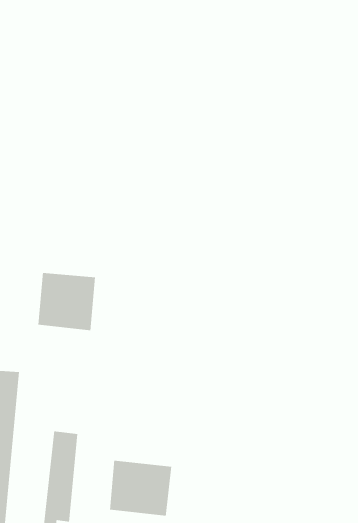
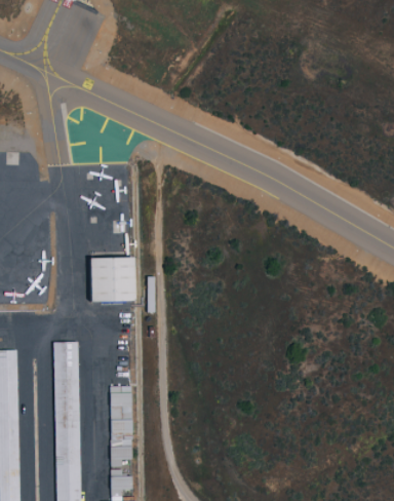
building: [109,460,172,516] -> none

